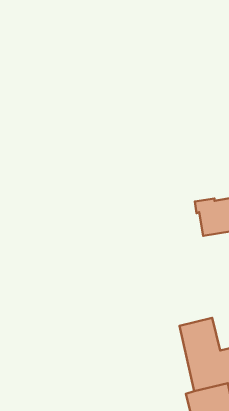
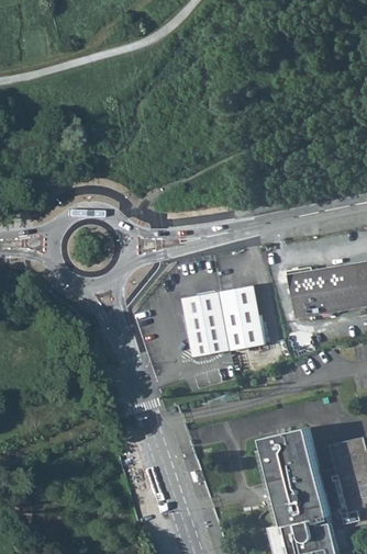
building: none -> [182,285,264,358]

